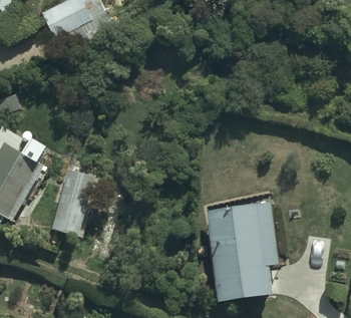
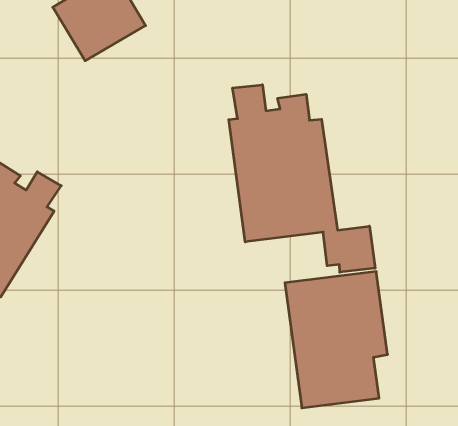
building: none -> [229,85,375,272]
building: [50,169,93,237] -> none

